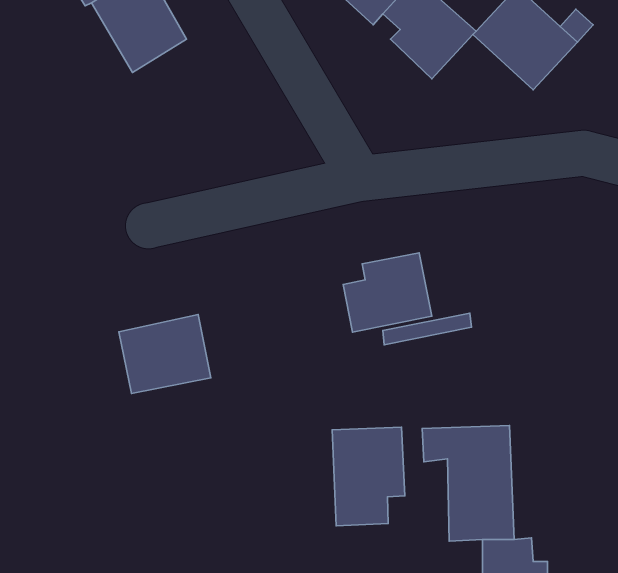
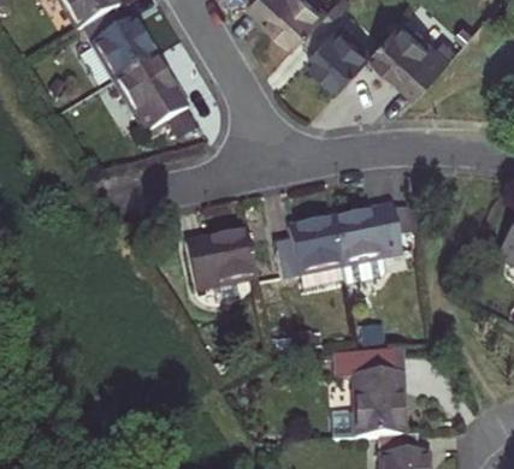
building: none -> [114,53,188,131]
building: none -> [332,203,403,263]
building: [119,314,211,394] -> [187,227,256,287]
building: [332,427,405,526] -> none

